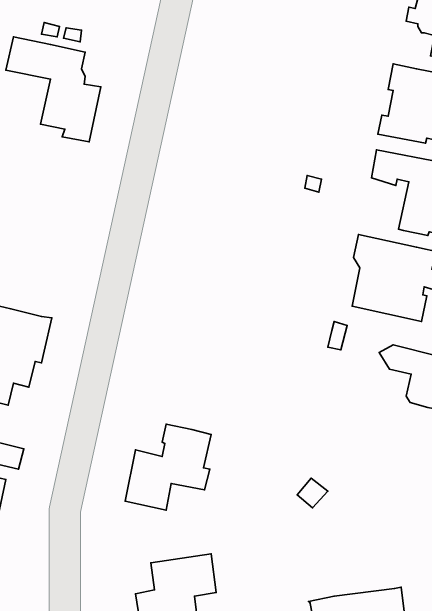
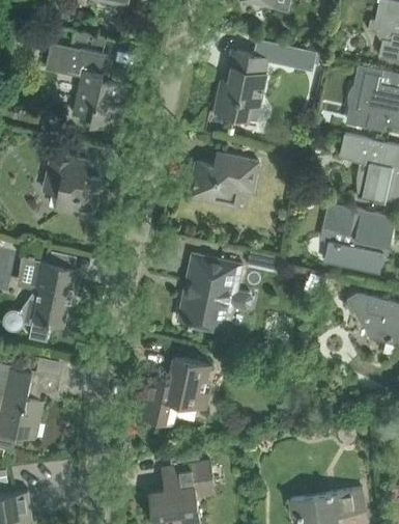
building: none -> [215,42,314,119]
building: none -> [45,153,99,217]
building: none -> [188,158,258,204]
building: none -> [176,253,251,335]

